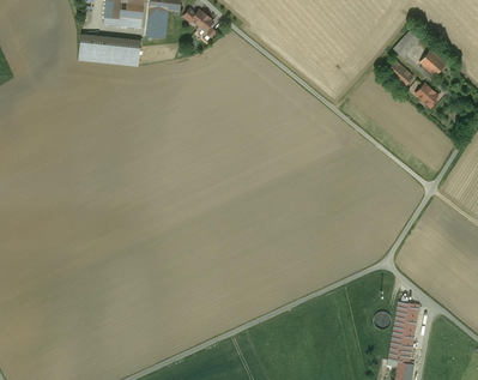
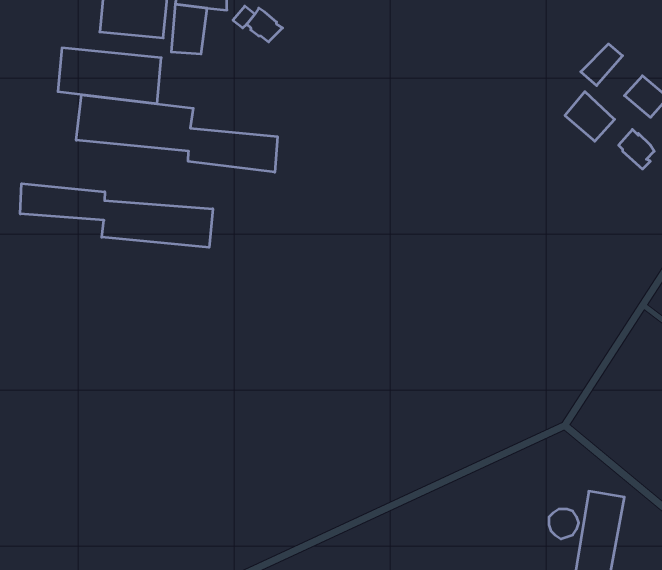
building: none -> [76,95,277,172]
building: none -> [20,184,213,247]

